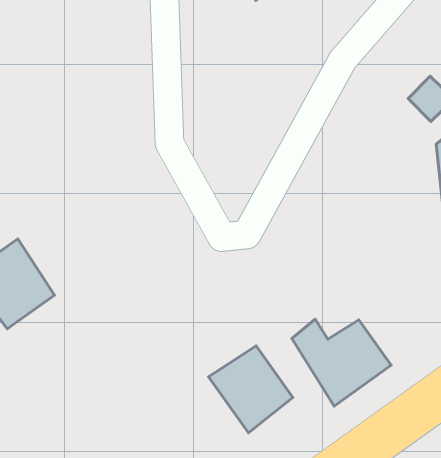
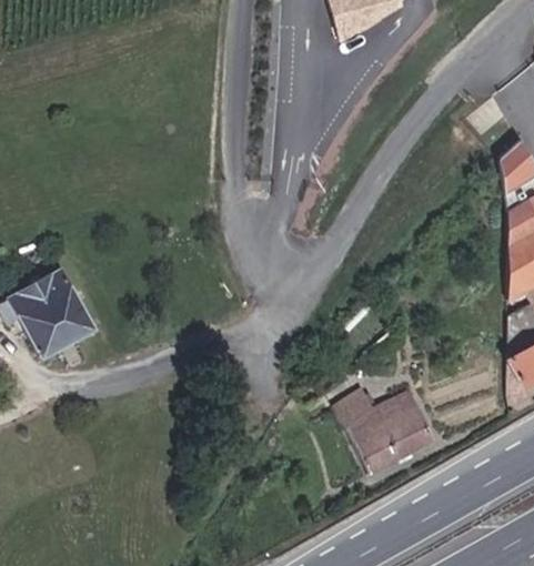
building: [209,346,293,433] -> none

